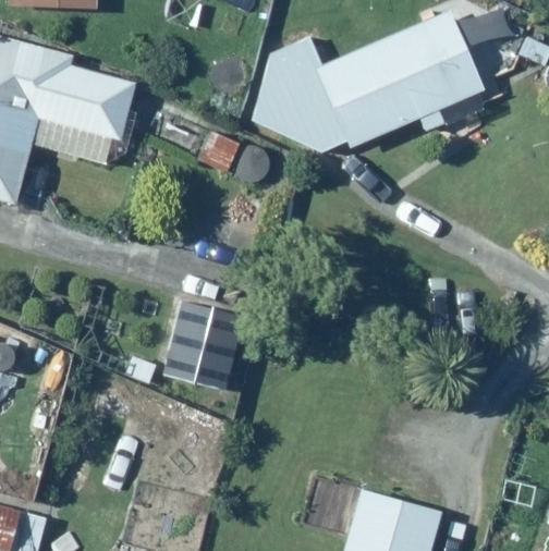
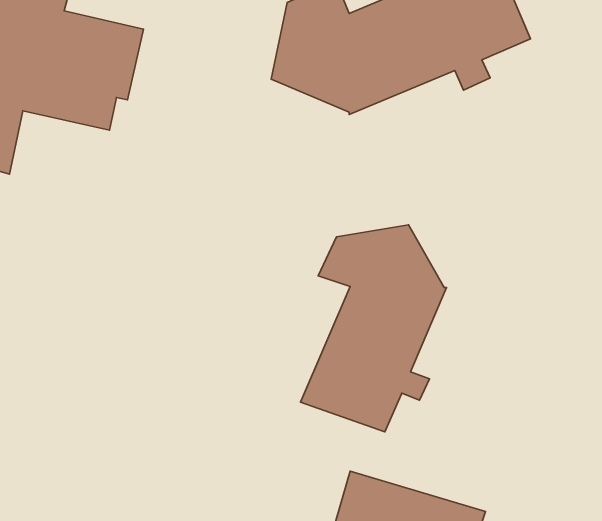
building: none -> [300,225,446,432]
building: [163,295,247,391] -> none

